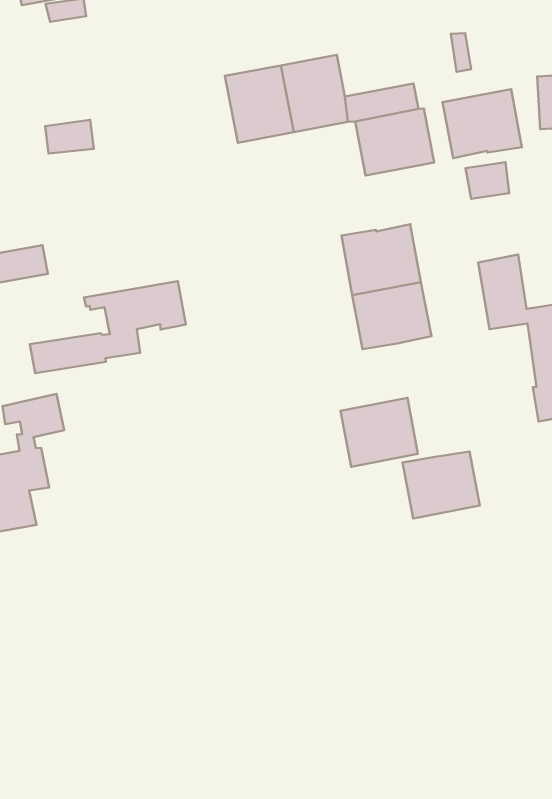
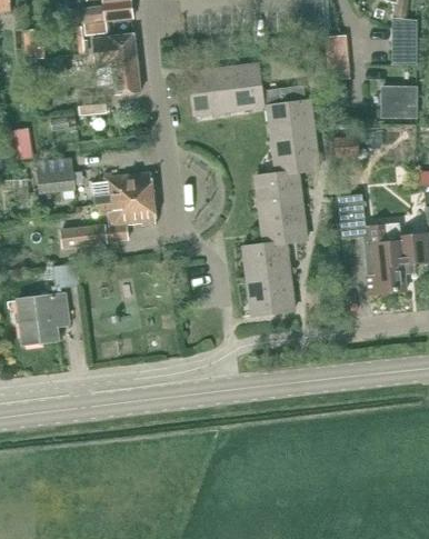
building: none -> [93,32,139,94]
building: [443,89,522,158] -> [271,132,318,172]
building: none -> [92,171,153,202]
building: [403,451,480,518] -> [243,241,289,280]

